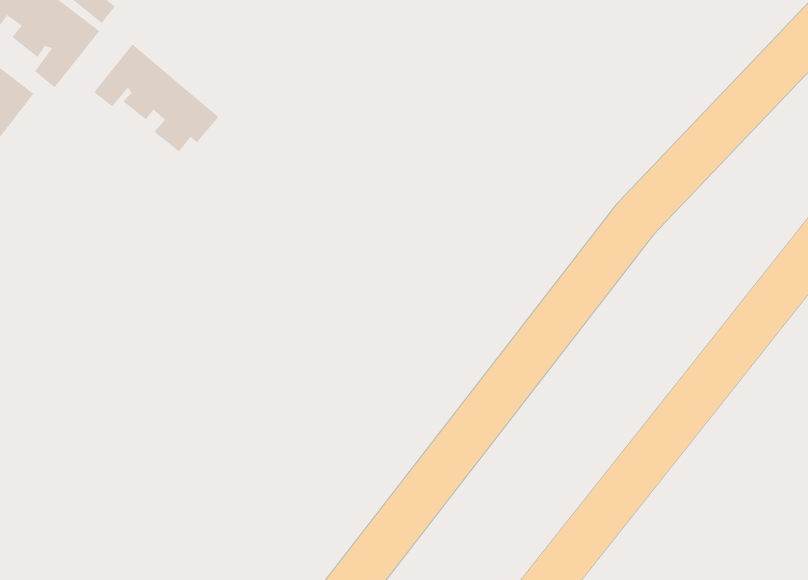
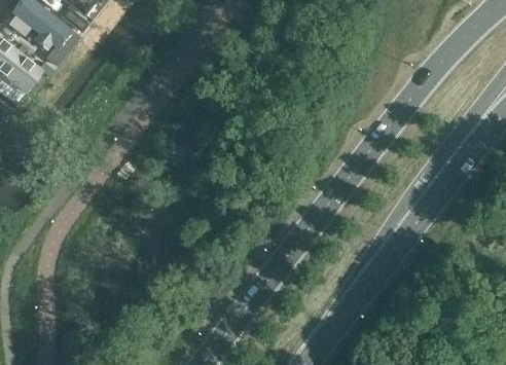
building: [93,44,219,152] -> none

